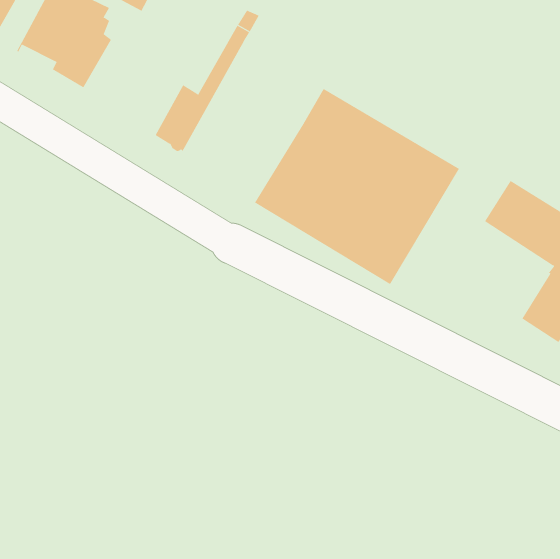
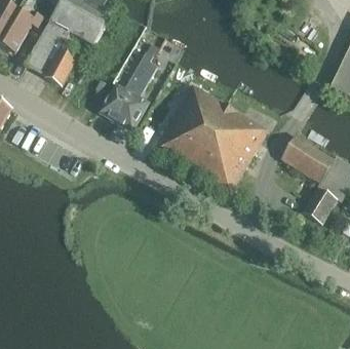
building: none -> [116,59,158,128]

